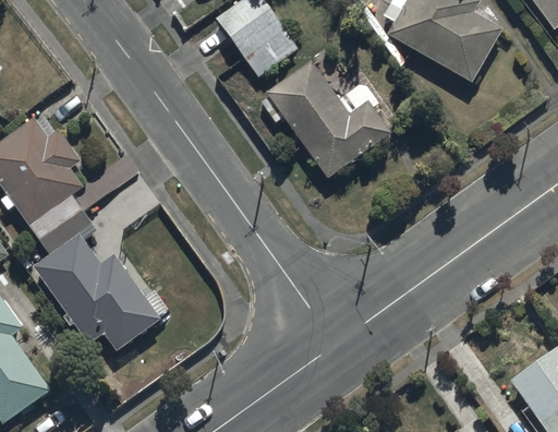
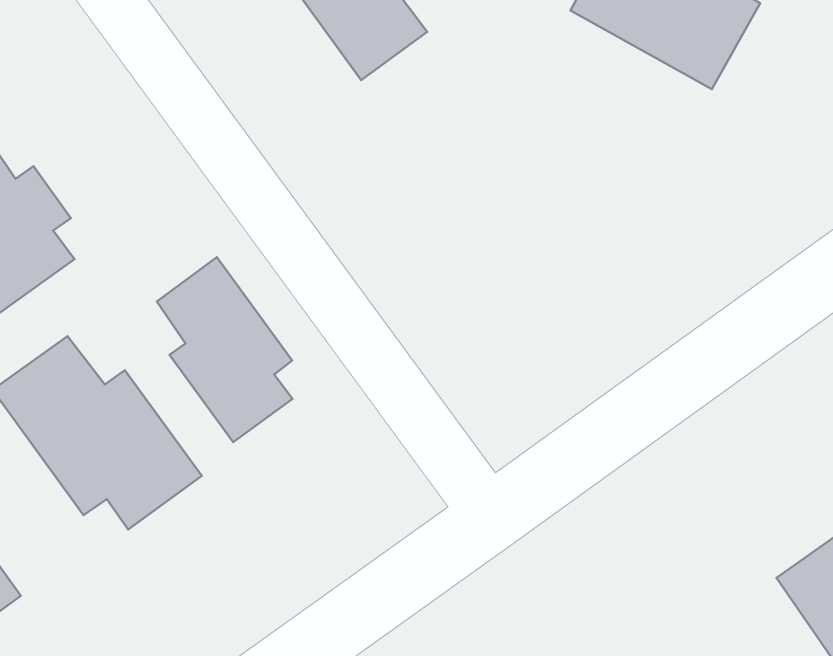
building: [265,60,390,178] -> none
building: none -> [157,257,293,442]

